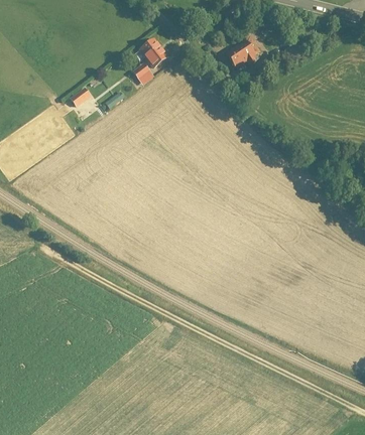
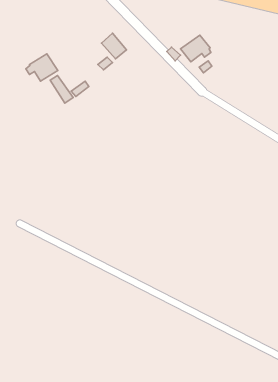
building: none -> [26,54,58,81]

